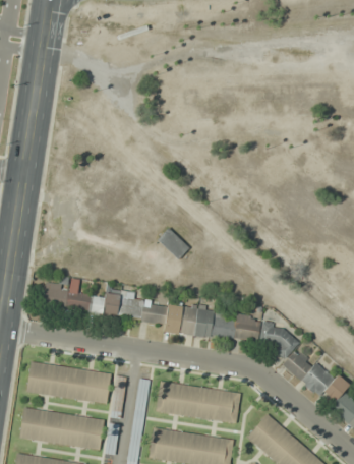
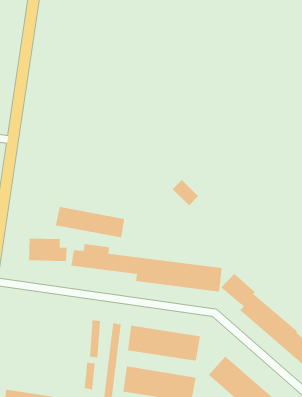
building: [159,229,189,259] -> [172,179,199,206]
building: none -> [55,206,125,238]
building: [26,362,110,403] -> none
building: [20,408,103,450] -> none

